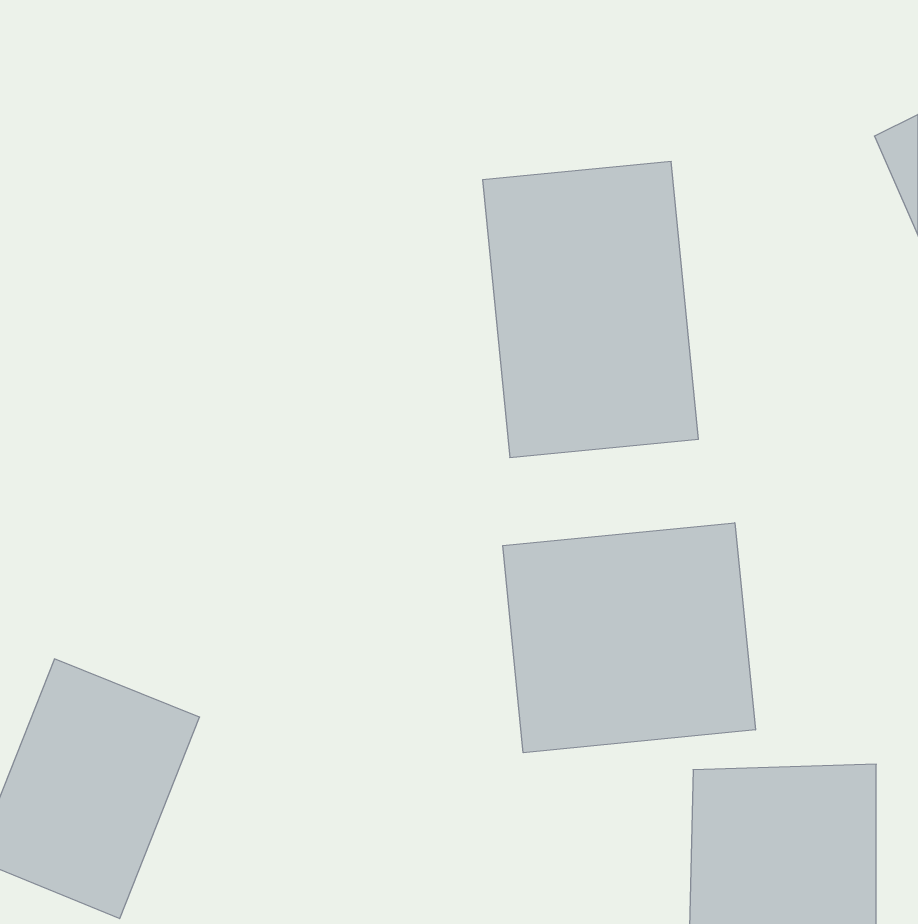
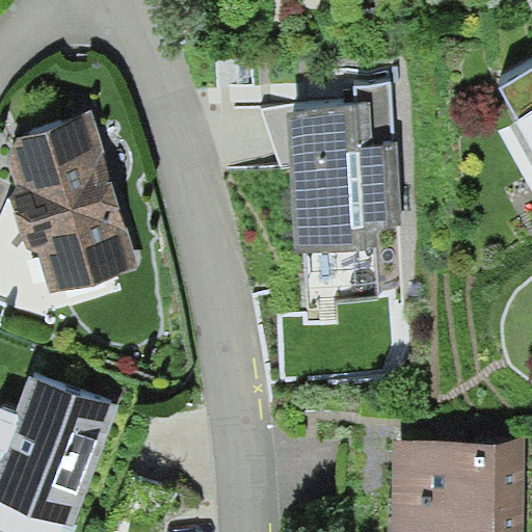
building: none -> [12,119,126,287]
building: [503,523,755,753] -> none

